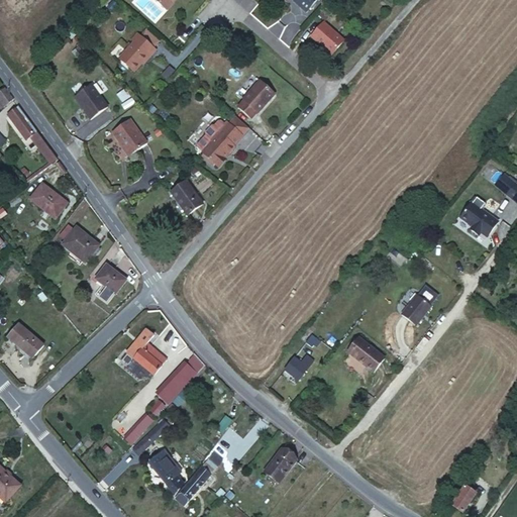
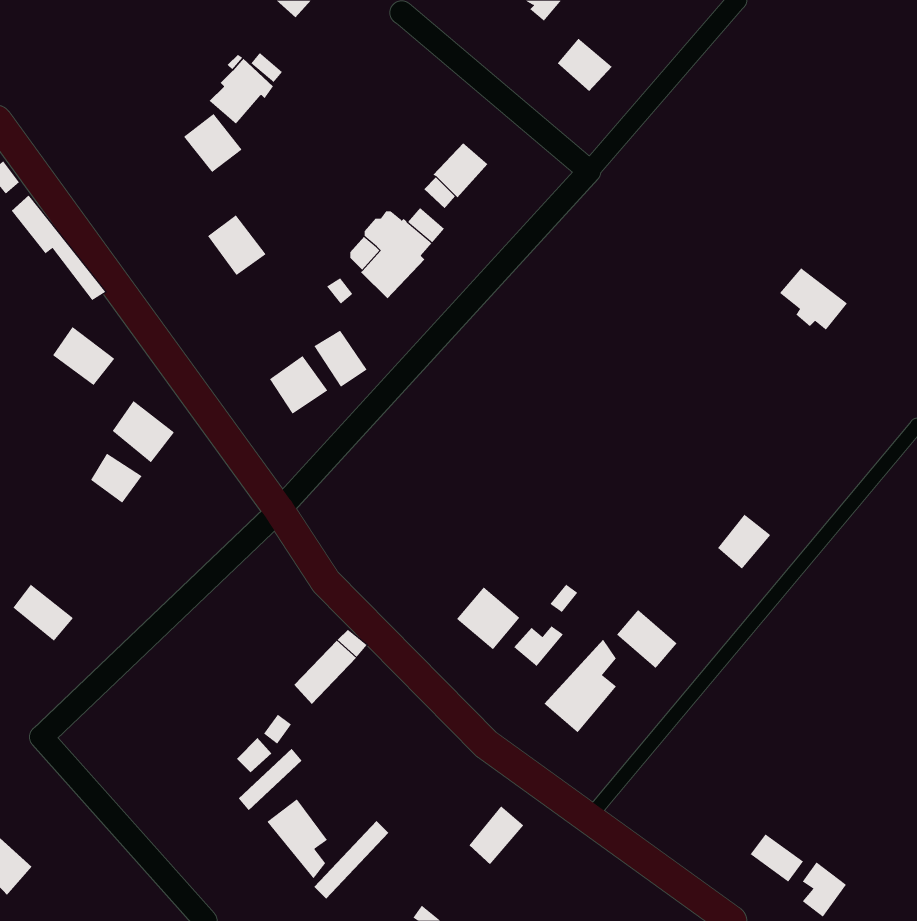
building: [79,83,112,116] -> [183,113,243,173]
building: [461,196,500,231] -> [779,267,848,331]
building: none -> [269,355,328,415]
building: [97,261,126,289] -> [90,453,142,503]
building: none -> [456,587,520,650]
building: [125,330,165,377] -> none
building: none -> [544,639,617,733]
building: none -> [750,833,804,882]

